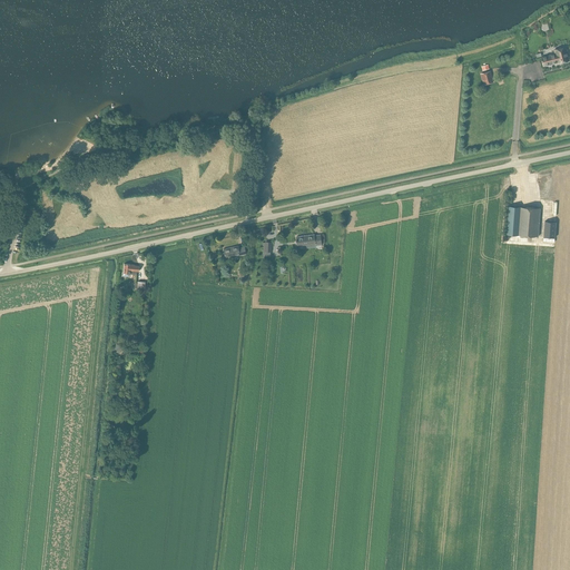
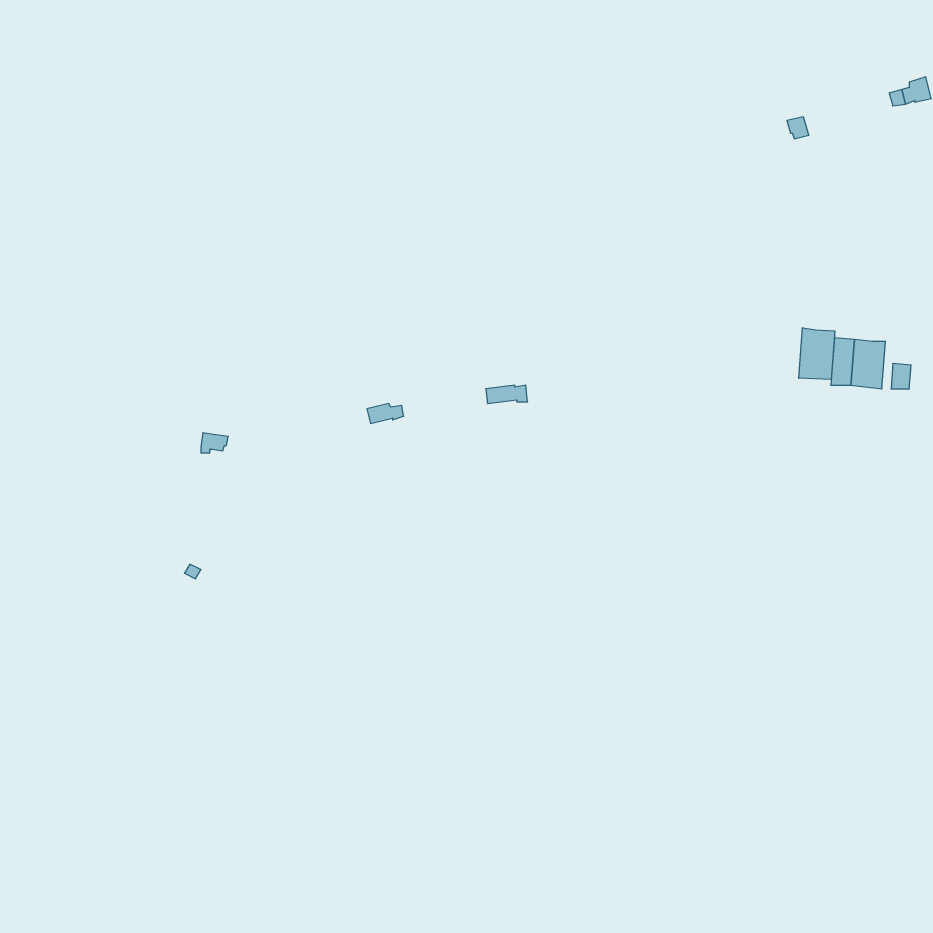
building: none -> [799,328,835,379]

